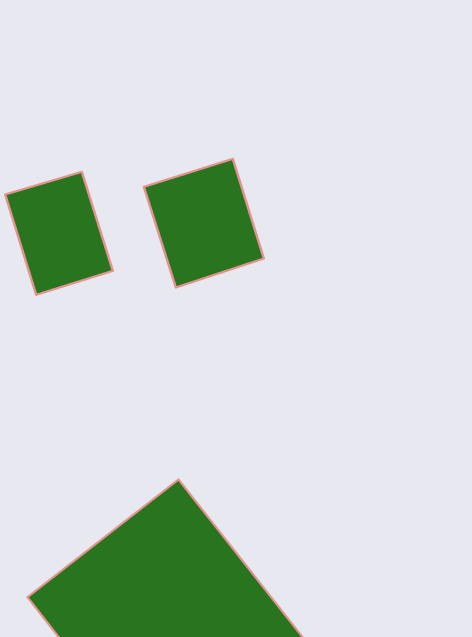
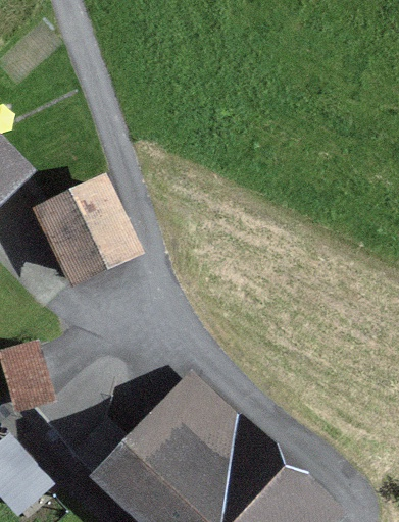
building: [144,159,264,287] -> none

